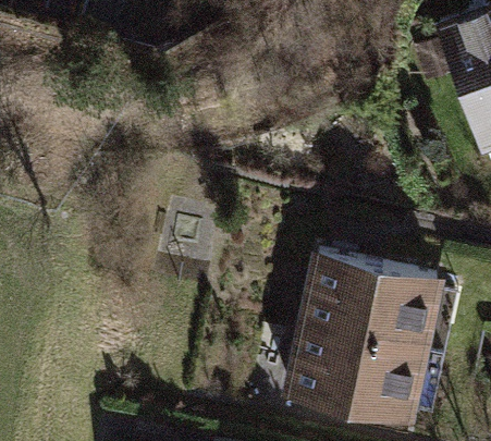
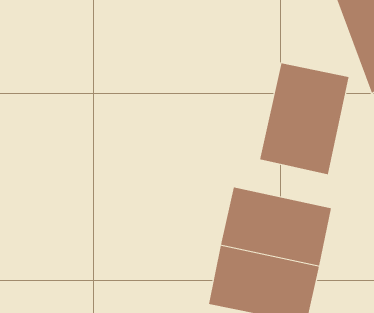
building: none -> [260,63,349,175]

